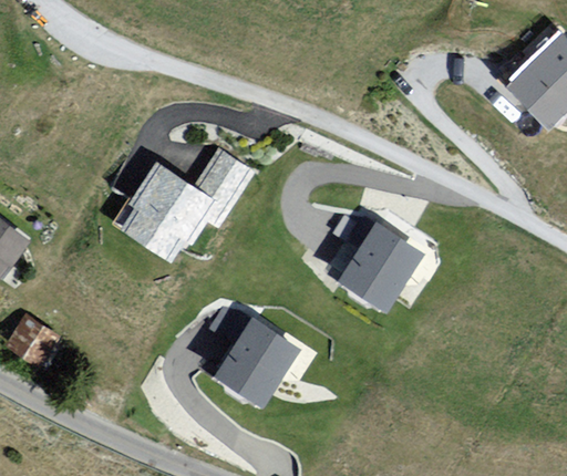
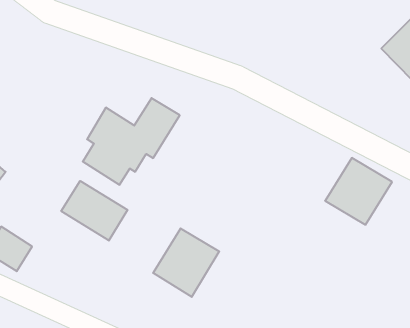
building: [338,221,424,308] -> [325,158,392,225]
building: none -> [61,181,127,241]

